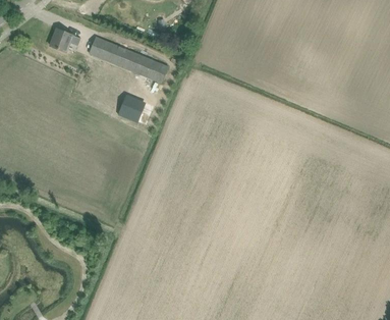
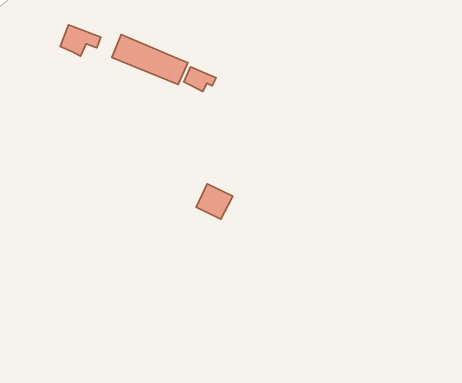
building: [119,98,147,124] -> [196,184,233,219]

